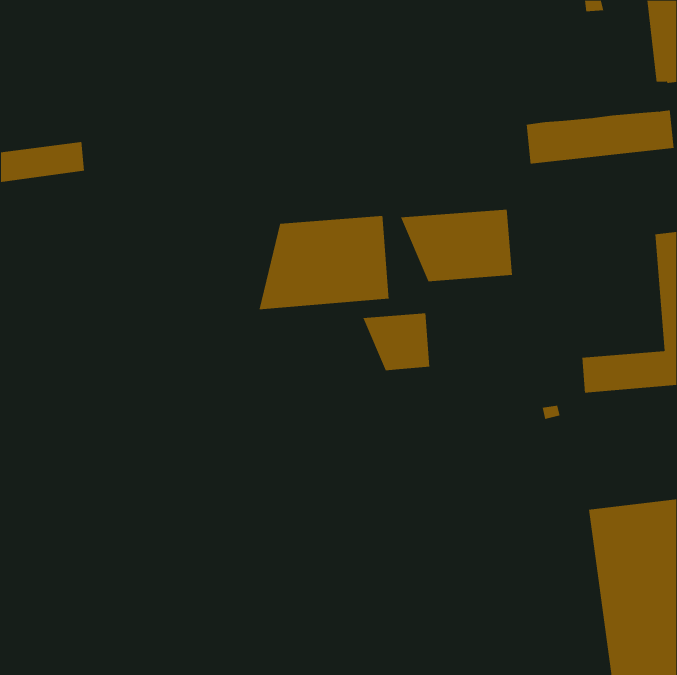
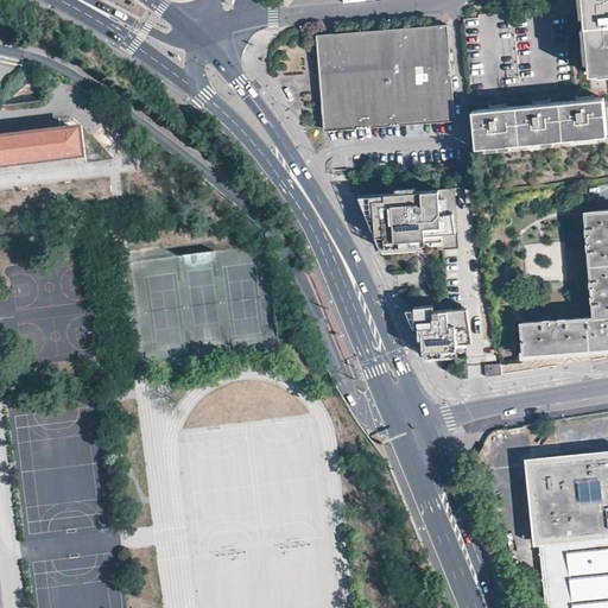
building: none -> [316,26,454,129]
building: [259,215,389,310] -> none
building: [363,313,430,371] -> [407,309,468,361]

